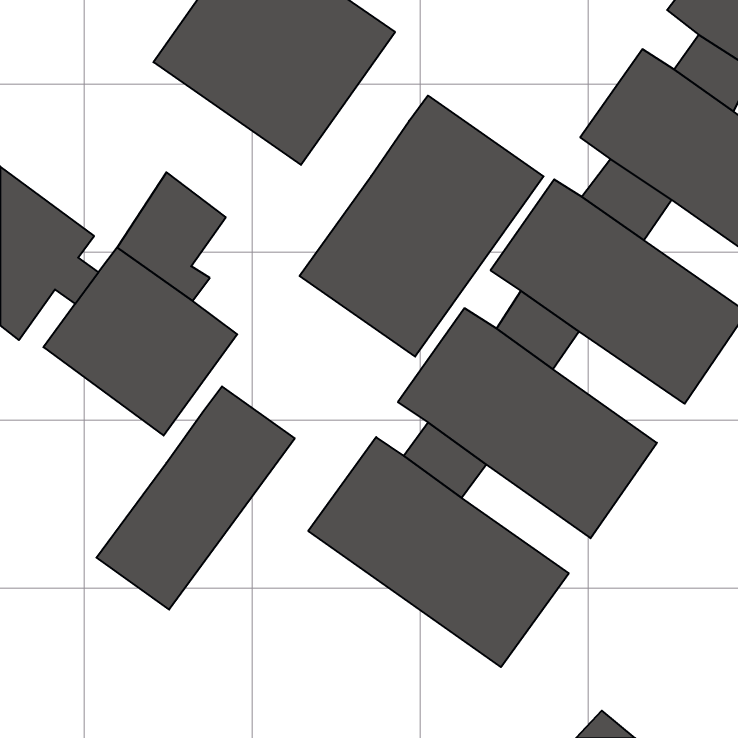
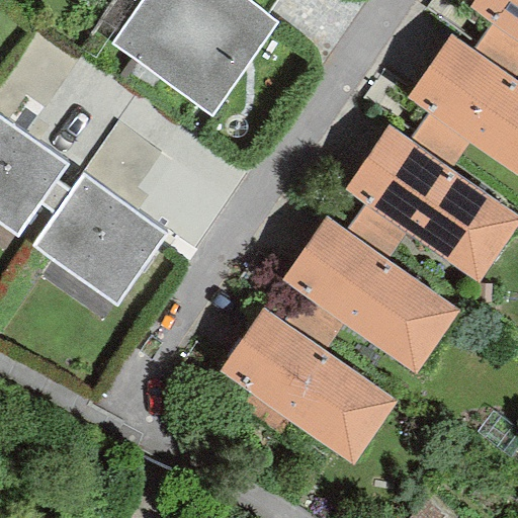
building: [300,96,544,357] -> none
building: [96,386,295,610] -> none

